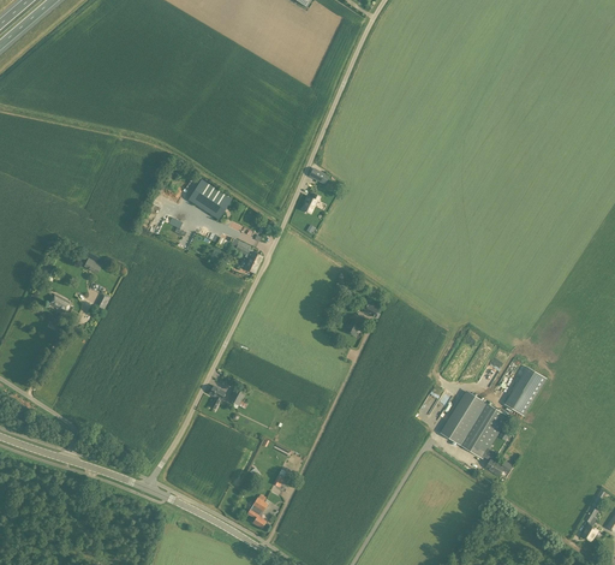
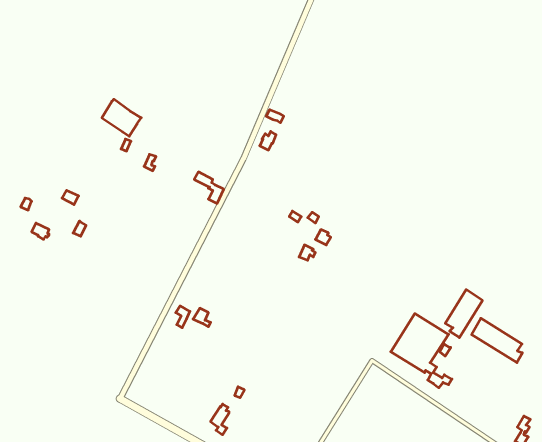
building: [185,177,228,218] -> [102,99,141,136]
building: none -> [472,318,522,363]

